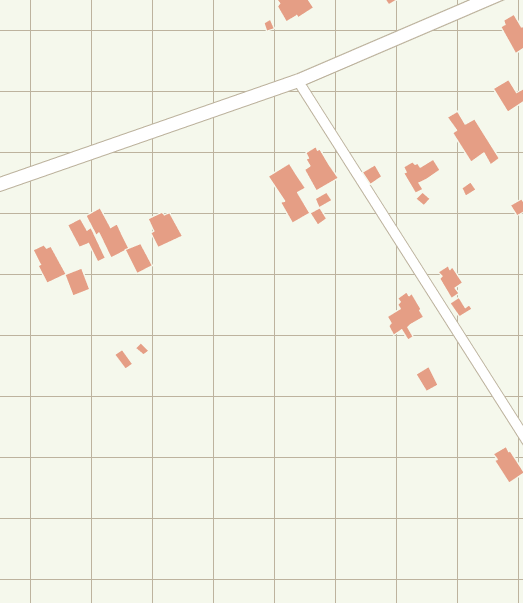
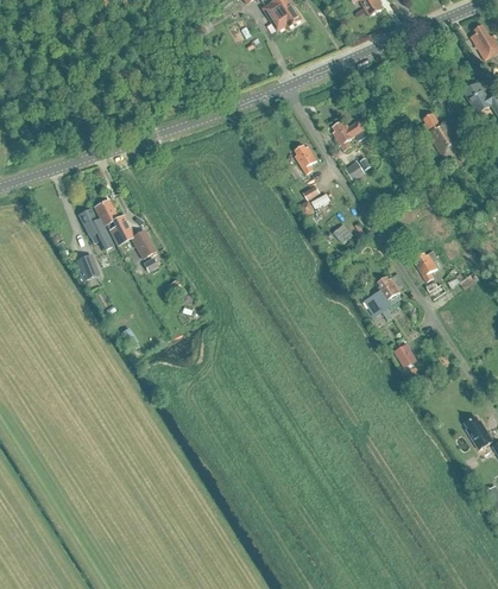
building: [403,159,440,193] -> [332,119,365,150]
building: [268,163,310,223] -> none
building: [148,212,183,247] -> none
building: [33,245,66,283] -> none

